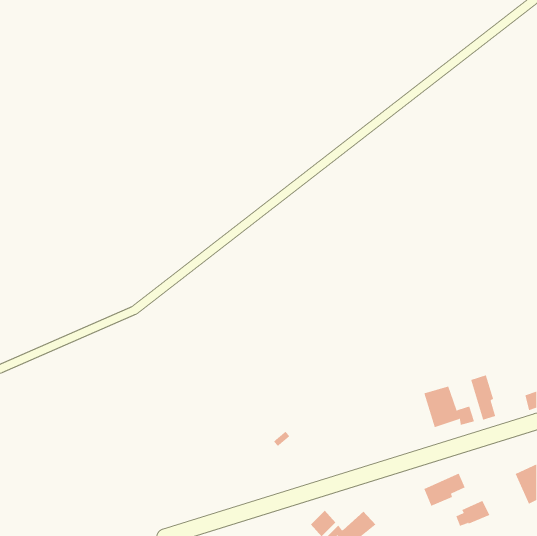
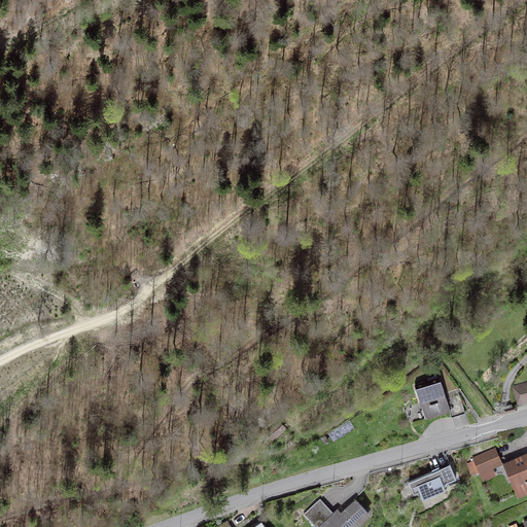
building: [470,374,496,421] -> none
building: [455,500,490,527] -> [467,449,501,475]

